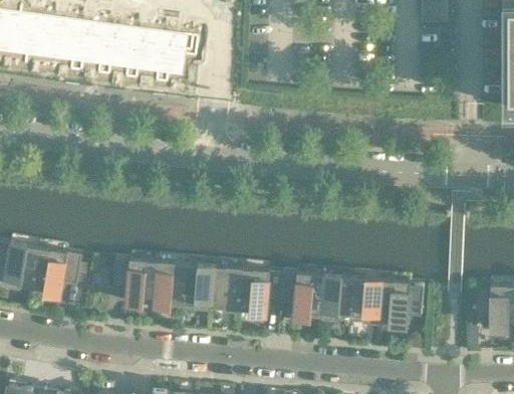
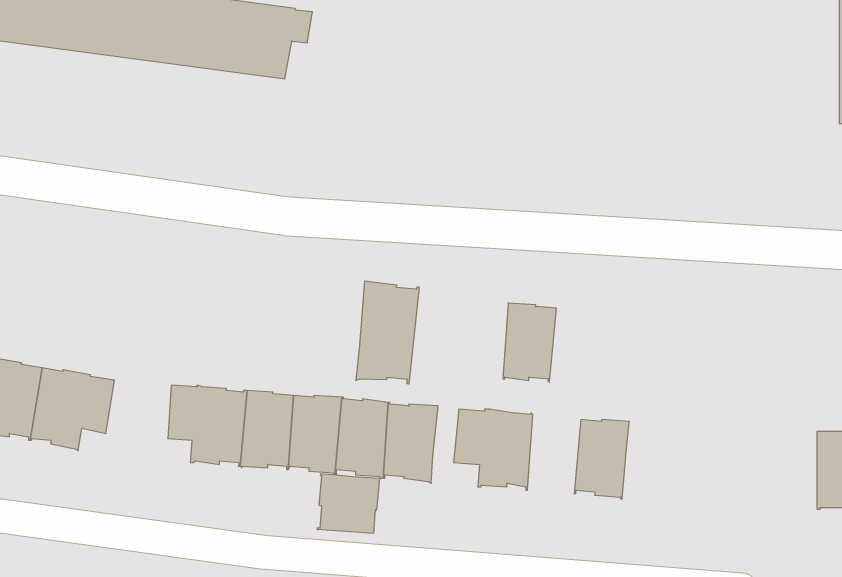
building: none -> [356,281,419,384]
building: [323,275,354,322] -> [503,303,556,382]
building: [378,279,425,327] -> none
building: none -> [317,474,380,533]

